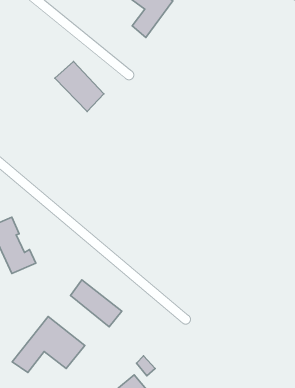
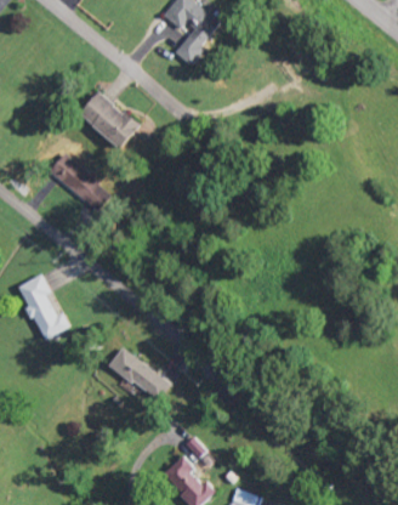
building: none -> [50,154,101,199]
building: [12,316,85,372] -> none

